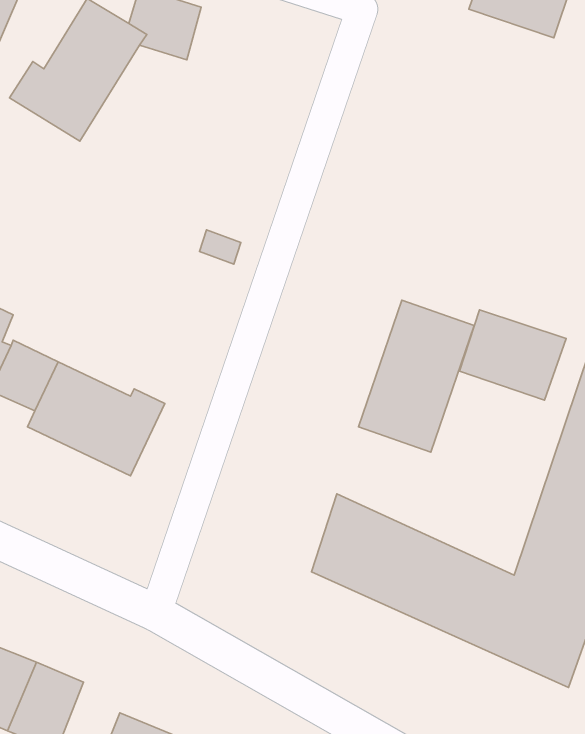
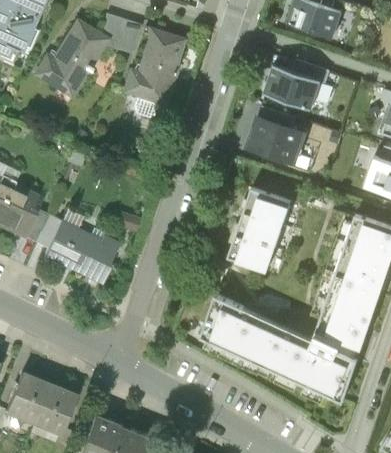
building: none -> [124,28,187,106]
building: none -> [264,63,322,109]
building: [460,310,566,400] -> [248,112,307,162]

